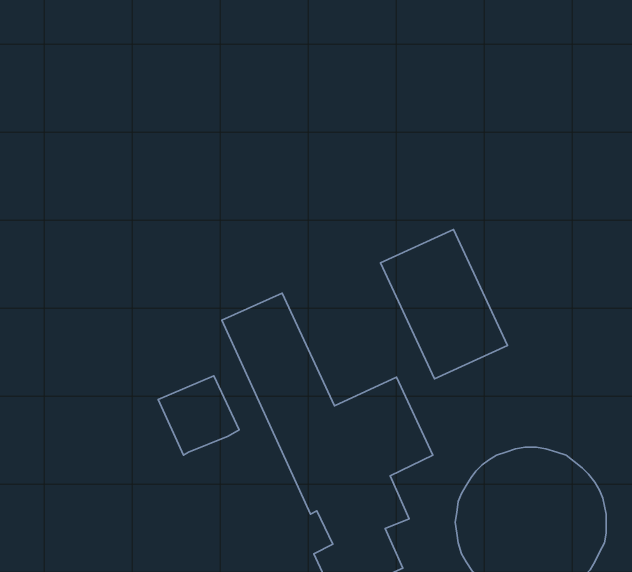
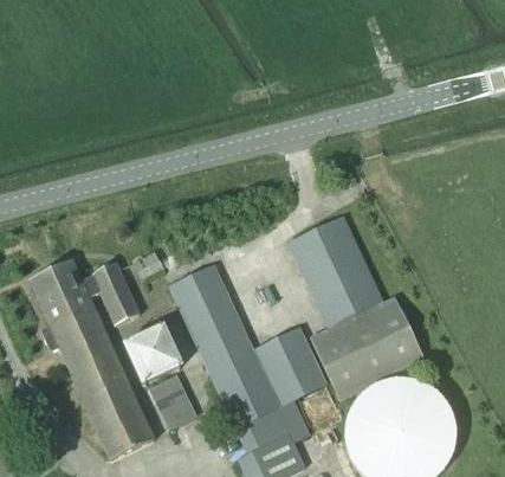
building: none -> [27,258,151,457]
building: none -> [309,297,423,399]
building: none -> [147,373,195,430]

